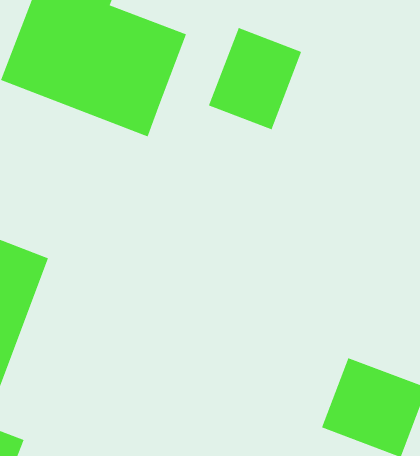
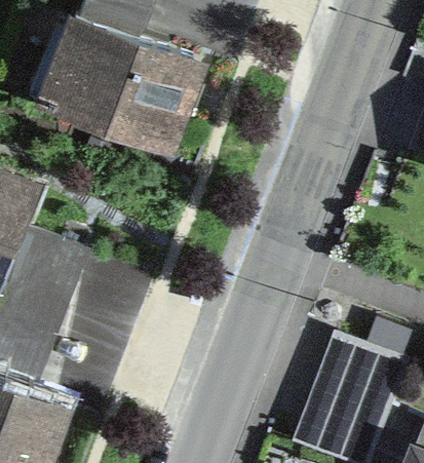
building: [208,27,302,130] -> none

